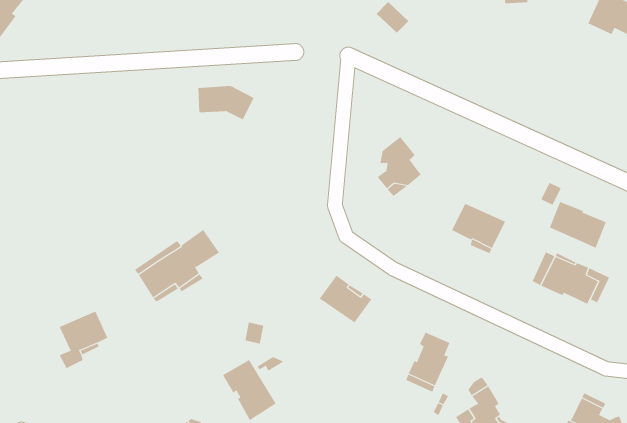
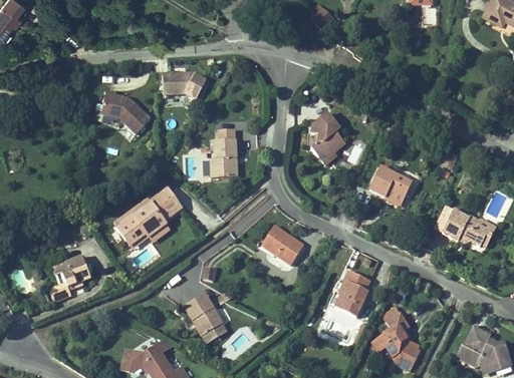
building: none -> [102,89,152,132]
building: none -> [210,126,237,174]
building: [549,201,606,249] -> none

